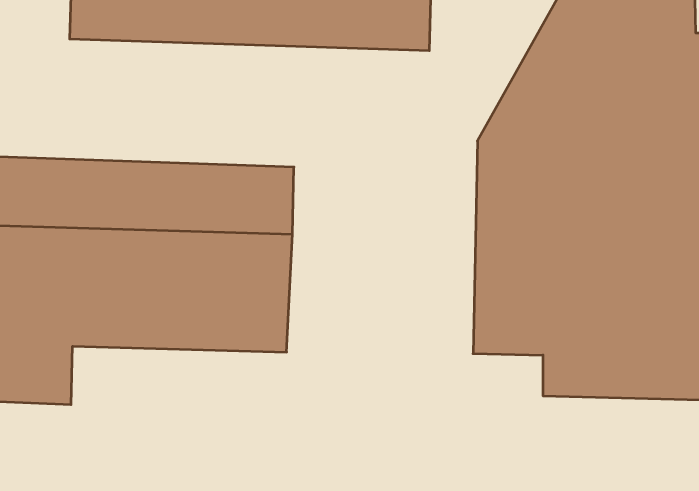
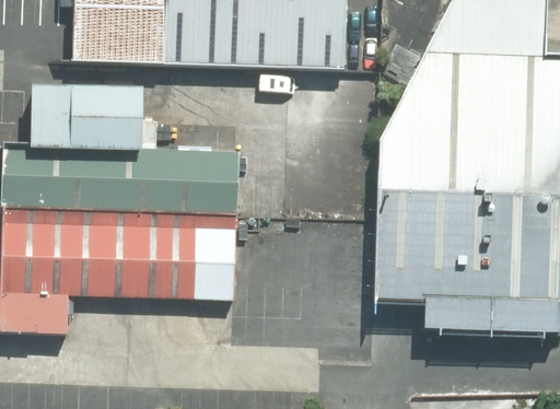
building: none -> [24,82,137,147]

